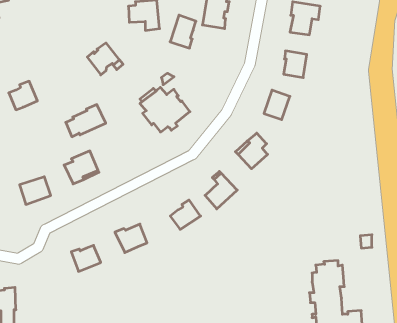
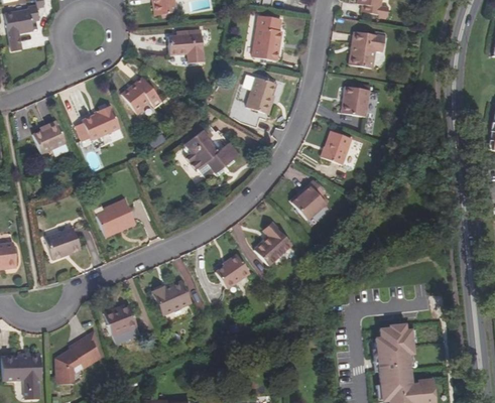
building: [170,15,196,48] -> [246,76,275,113]
building: [66,105,106,137] -> [75,105,120,141]
building: none -> [55,330,102,384]

